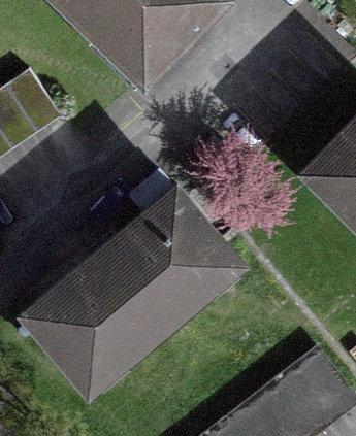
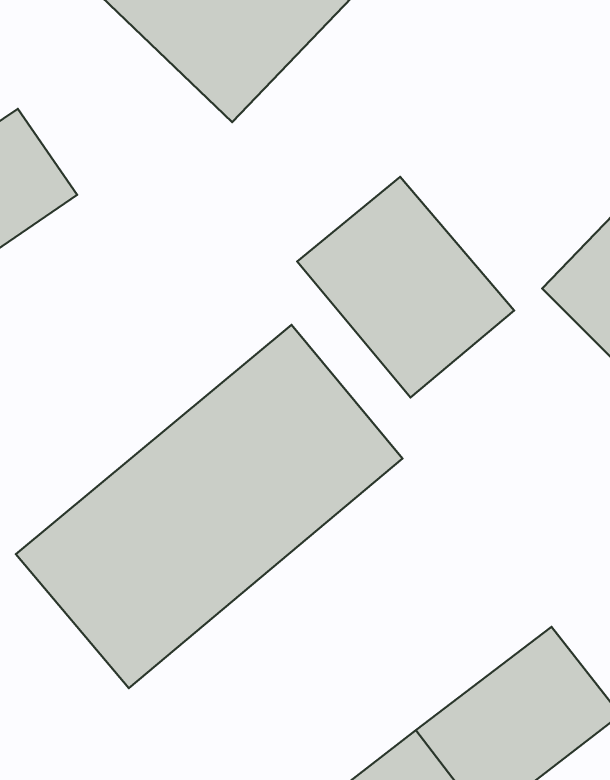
building: none -> [297,177,514,398]

